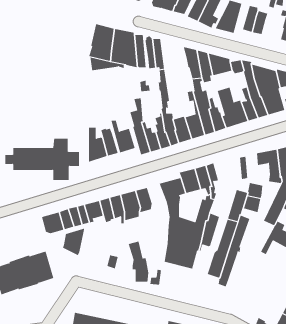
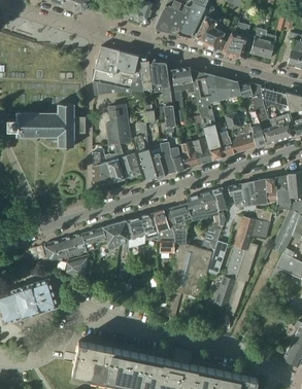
building: none -> [170,67,194,108]
building: none -> [106,104,130,144]
building: [4,138,80,181] -> [7,104,85,147]
building: none -> [254,179,277,205]
building: none -> [226,183,248,206]
building: [128,241,149,282] -> [153,211,174,253]

